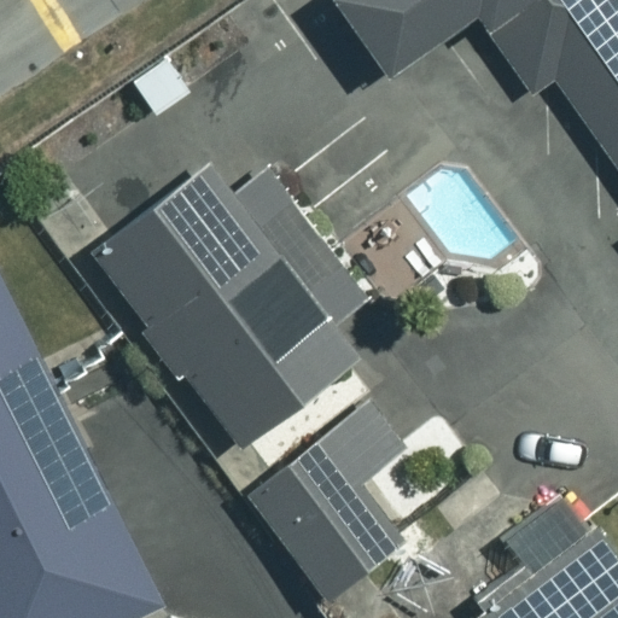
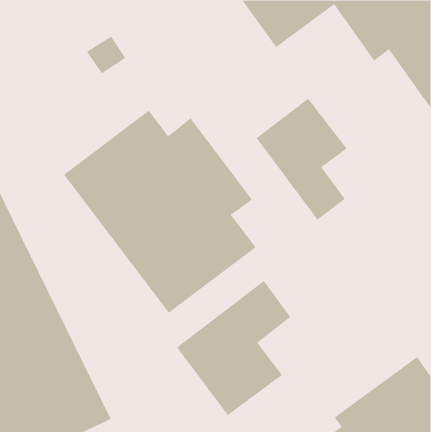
building: none -> [256,98,347,220]

